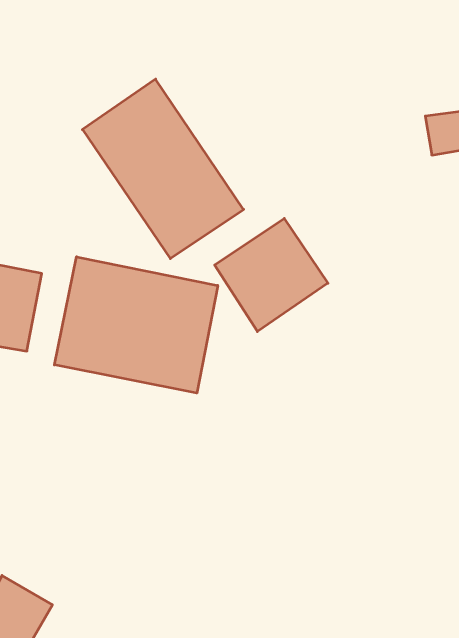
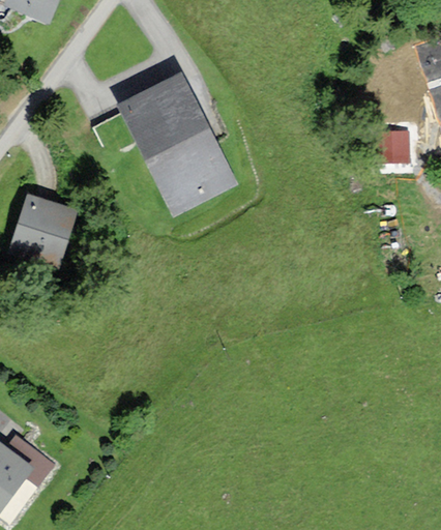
building: [215,218,328,332] -> none
building: [54,257,218,393] -> none

